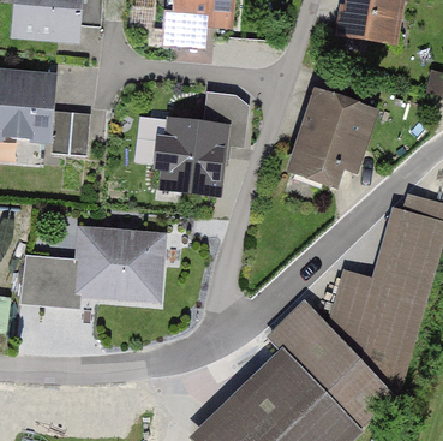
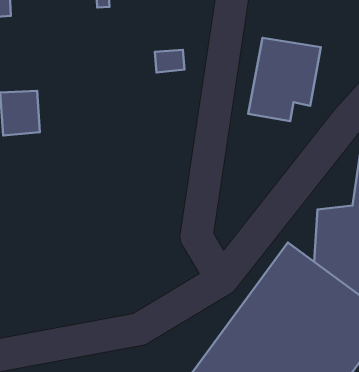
building: [155,120,244,195] -> none
building: [40,232,160,306] -> none

